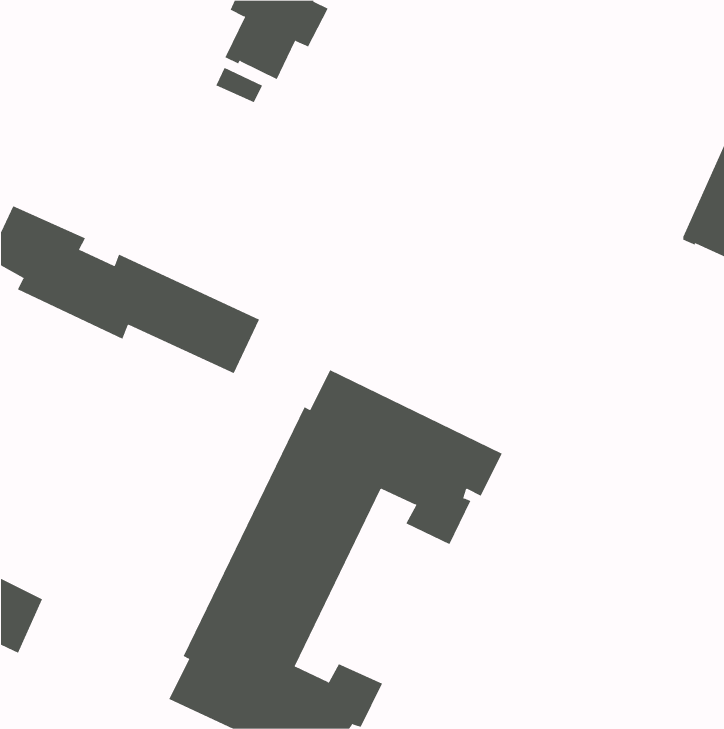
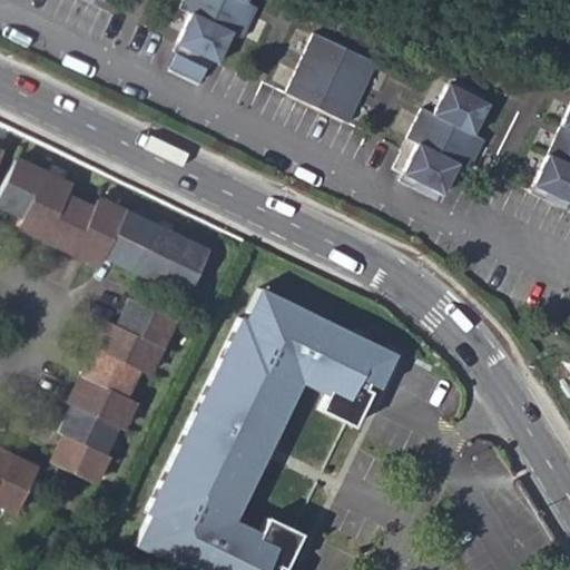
building: none -> [288,32,380,122]
building: none -> [405,82,491,194]
building: none -> [52,298,175,483]

